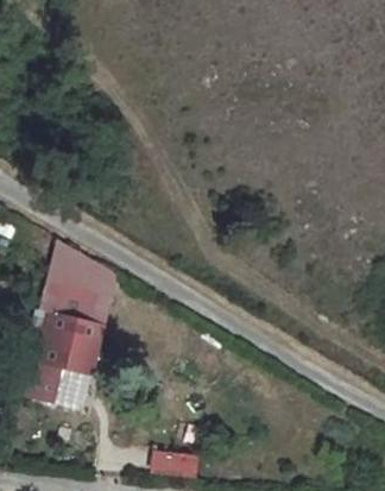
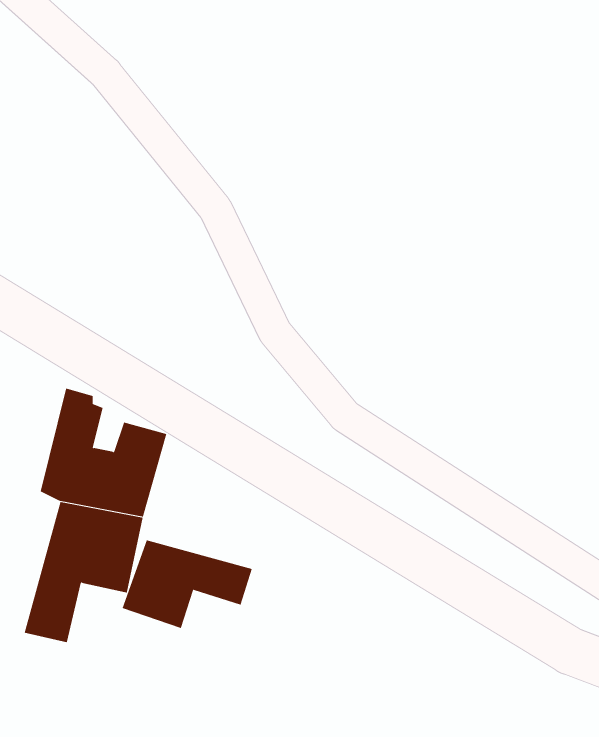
building: none -> [122,540,253,629]

